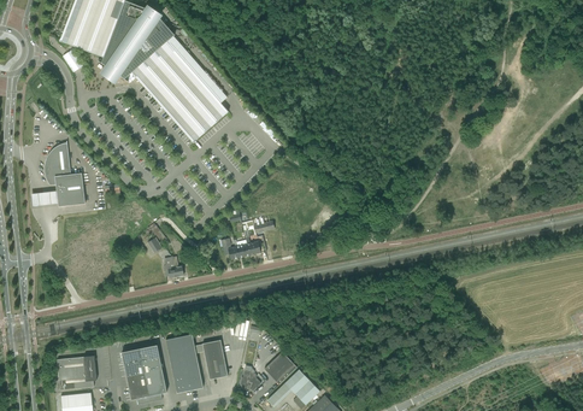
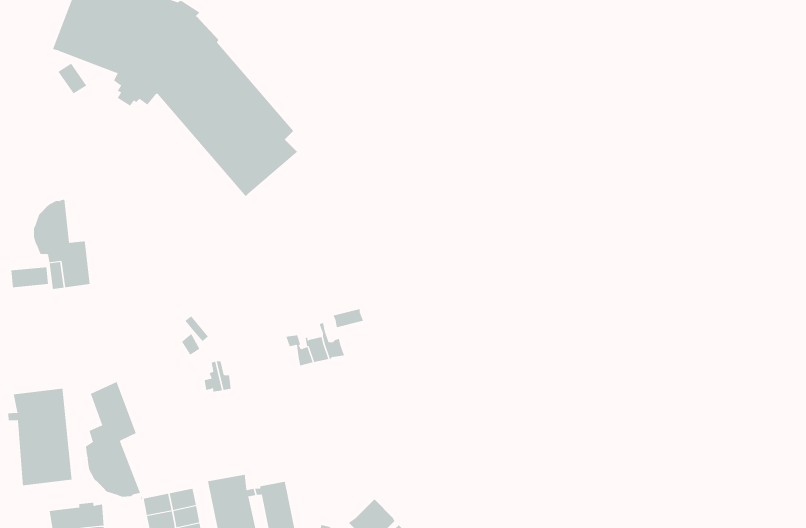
building: none -> [86,381,143,501]
building: none -> [8,388,72,486]

